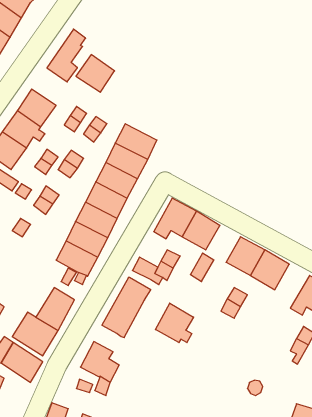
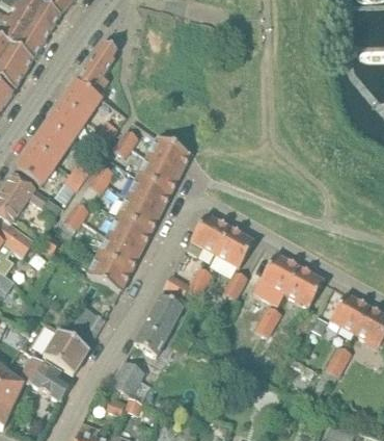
building: [76,55,115,92] -> [61,80,101,119]
building: [155,303,194,343] -> none

